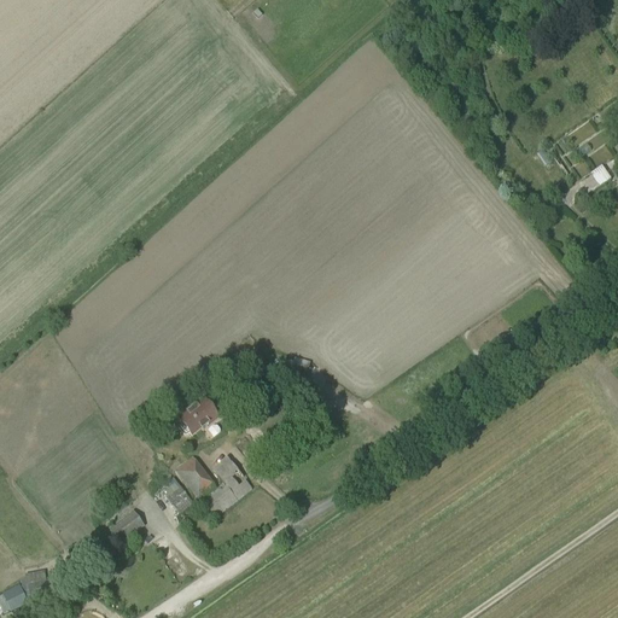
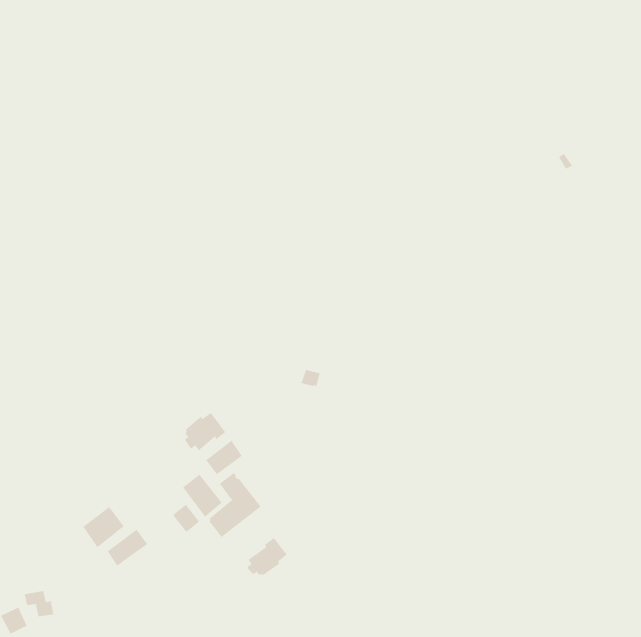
building: none -> [206,440,243,475]
building: none -> [82,506,125,548]
building: none -> [247,537,288,576]

